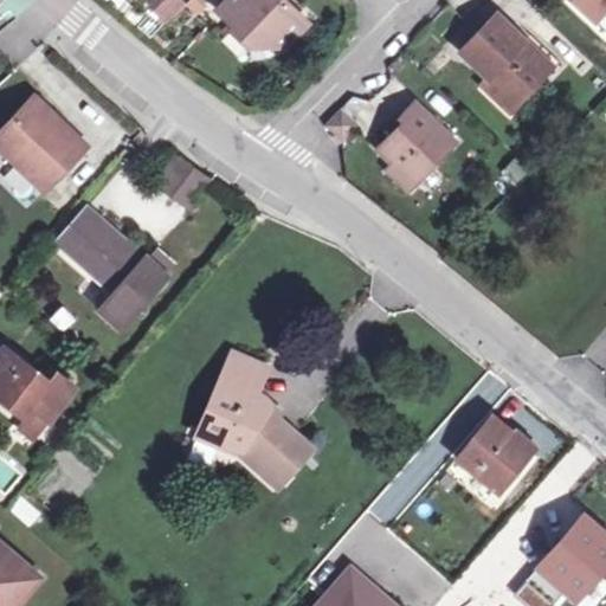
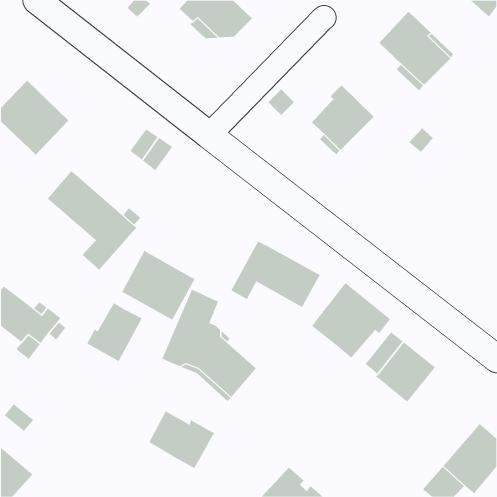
building: none -> [230,240,321,308]
building: none -> [121,250,195,321]
building: none -> [311,282,391,359]
building: none -> [86,302,142,362]
building: none -> [148,411,215,469]

